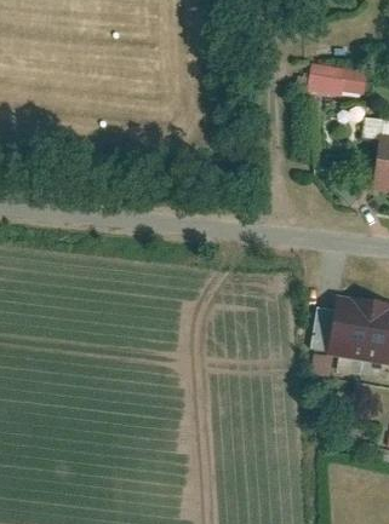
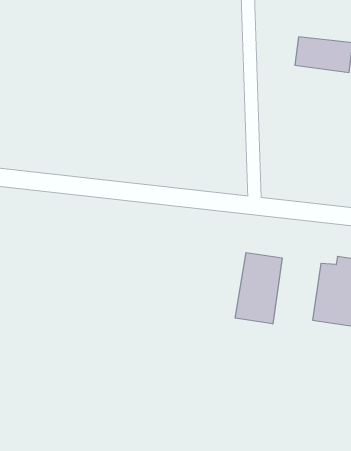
building: none -> [235,253,282,324]

